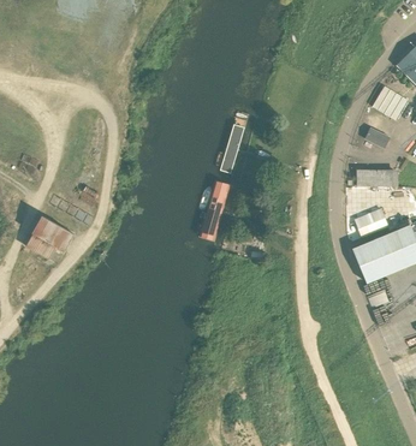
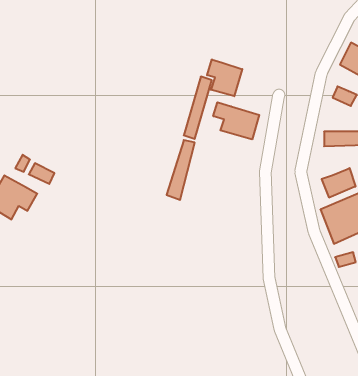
building: none -> [207,59,242,96]
building: none -> [213,102,259,139]

